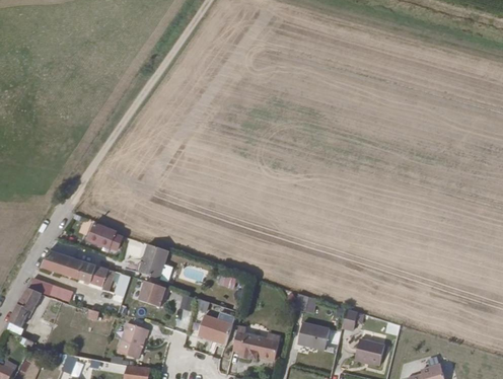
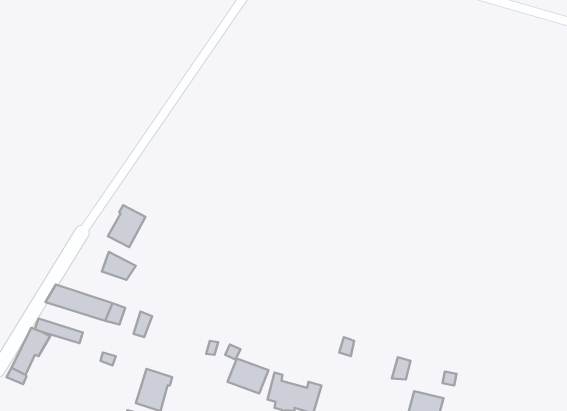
building: none -> [108,205,145,247]
building: [138,244,167,277] -> none
building: [140,280,170,306] -> none
building: [295,321,328,350] -> none

